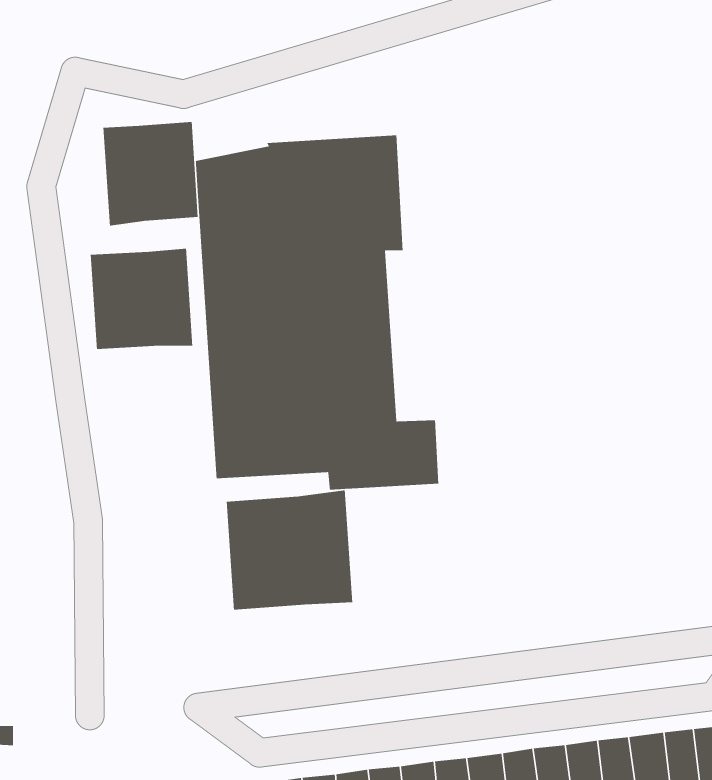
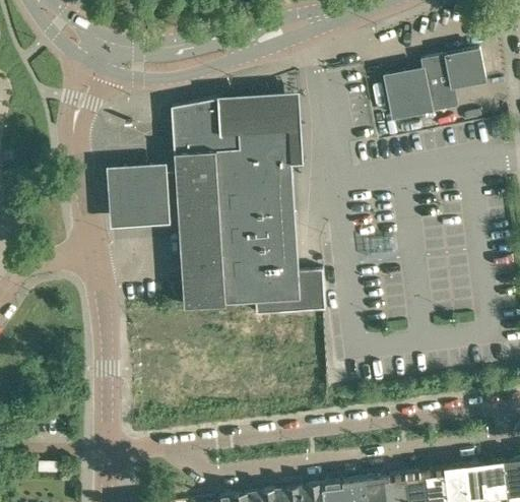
building: none -> [385,50,484,119]
building: [102,121,199,227] -> none
building: [226,490,353,611] -> none

